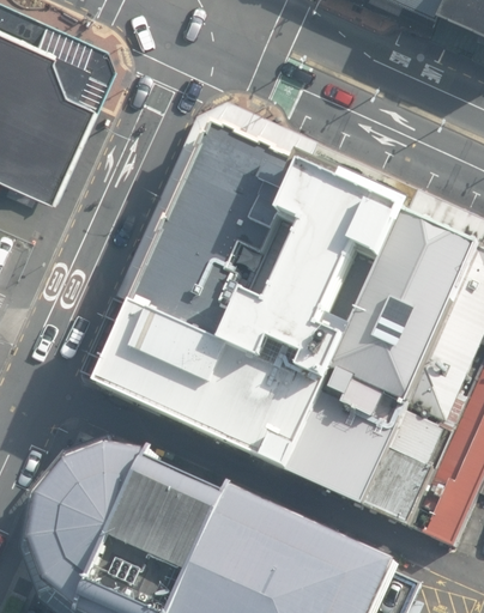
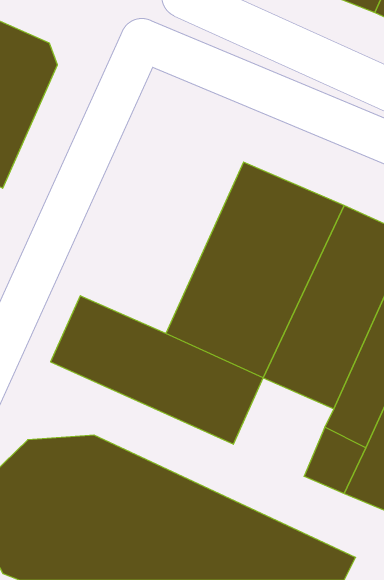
building: [129,132,301,350] -> none
building: [290,396,395,499] -> none

